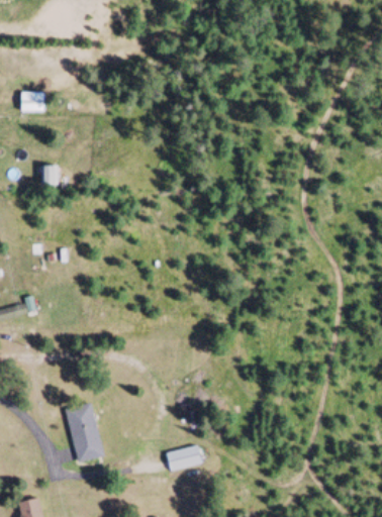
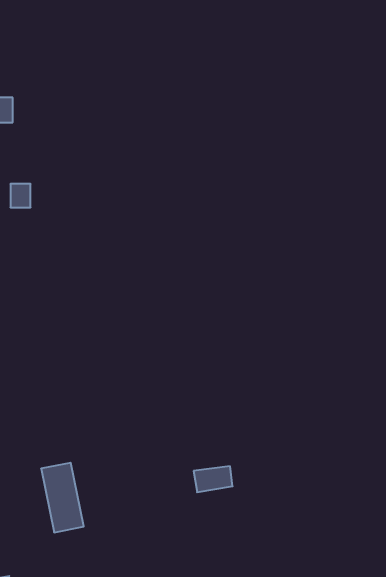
building: [167,449,200,472] -> [194,466,233,492]

